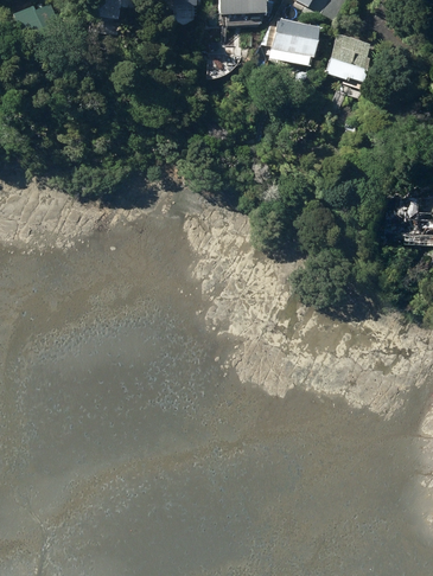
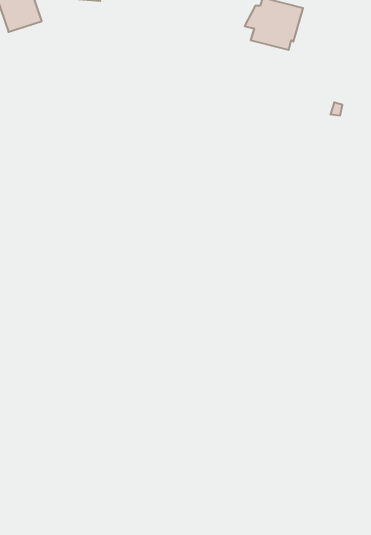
building: [323,31,372,87] -> none

